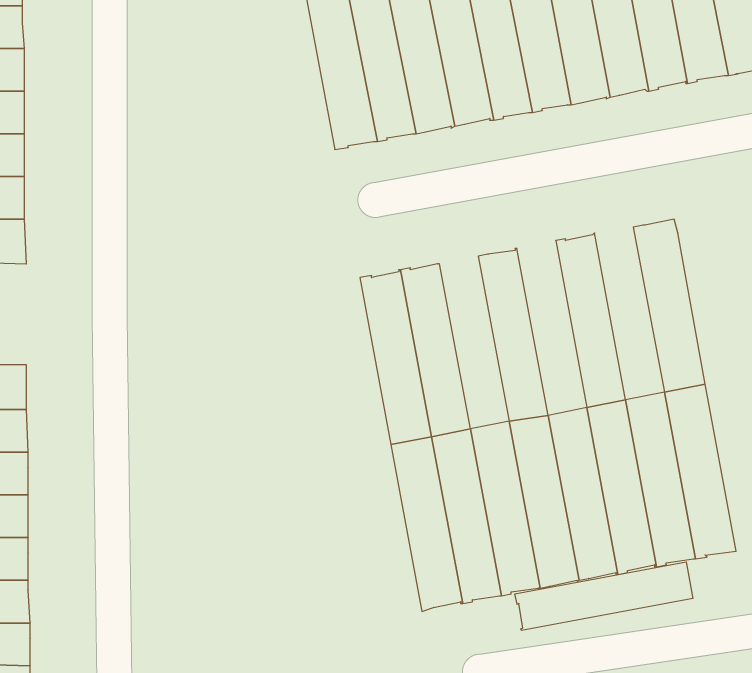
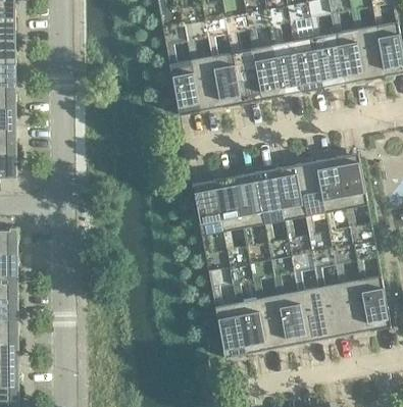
building: none -> [316,156,353,247]
building: none -> [275,163,312,255]
building: none -> [235,171,271,262]
building: [515,562,693,630] -> none

